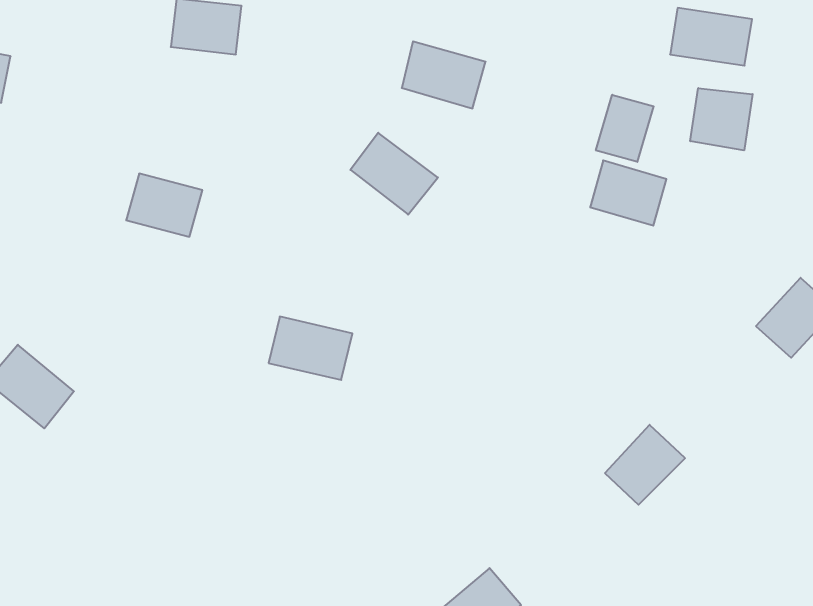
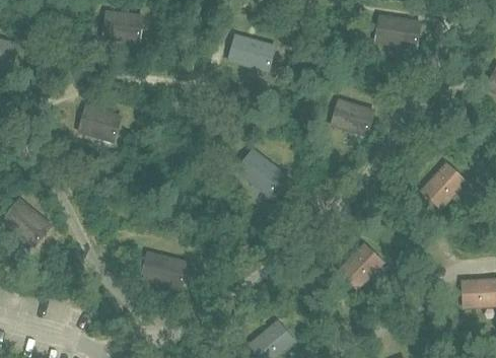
building: [690,88,753,150] -> none
building: [596,95,654,162] -> none
building: [350,133,438,215] -> [236,150,284,195]
building: [269,317,352,380] -> [141,253,187,287]

